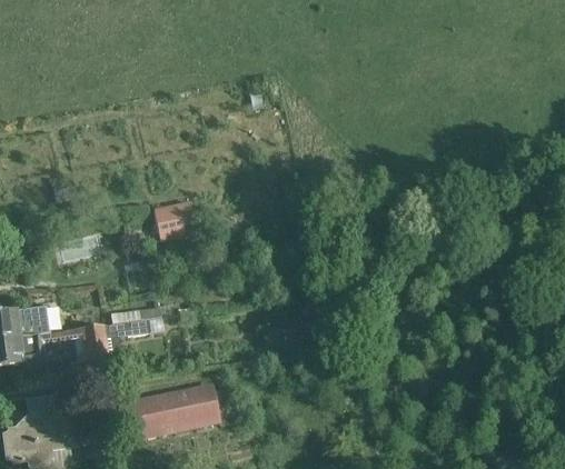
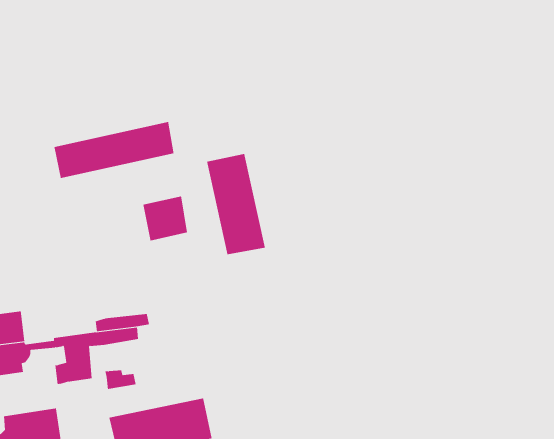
building: none -> [54,121,174,179]
building: none -> [206,153,266,255]

